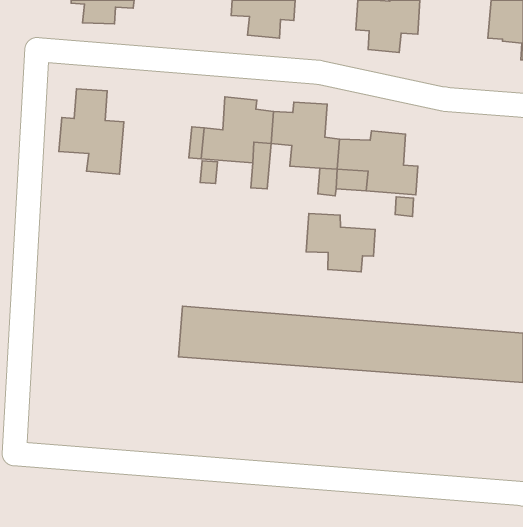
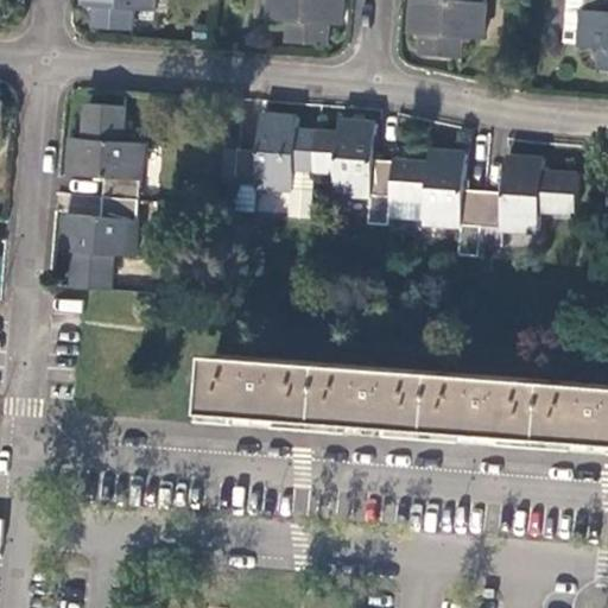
building: none -> [479,157,577,229]
building: none -> [62,197,138,290]
building: [306,213,375,272] -> none

